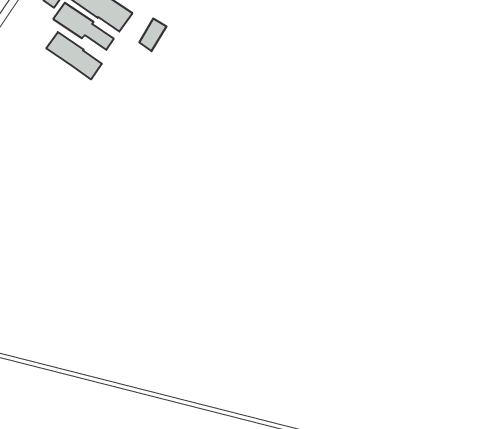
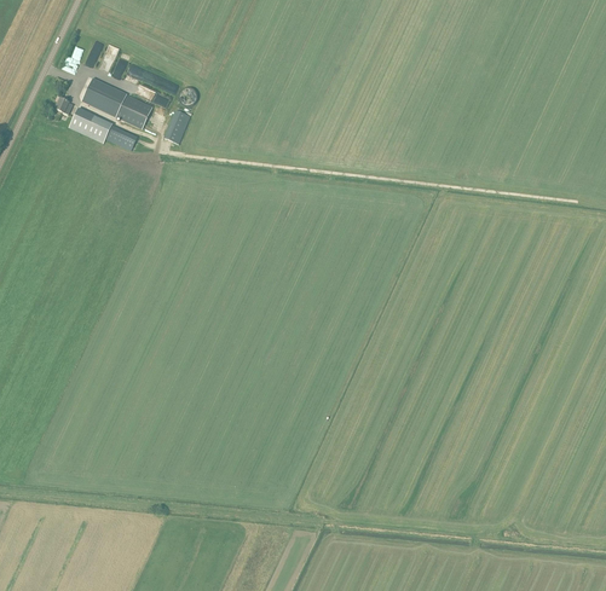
building: [46,32,102,79] -> none

